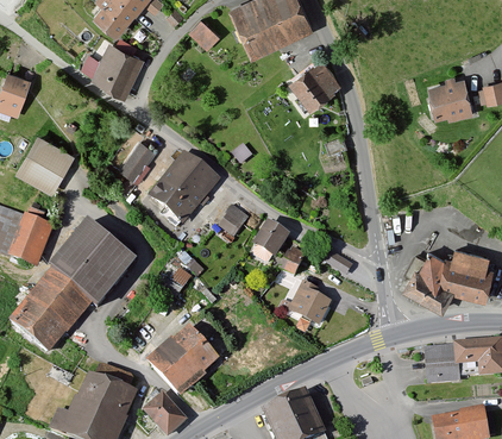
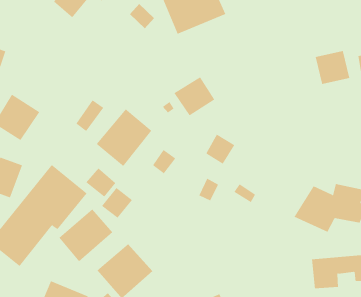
building: [90,40,144,95] -> none
building: [287,58,340,109] -> [174,76,215,116]
building: [252,219,290,258] -> [205,134,235,164]
building: none -> [85,167,116,198]
building: [278,277,333,322] -> none
building: none -> [59,209,113,262]

